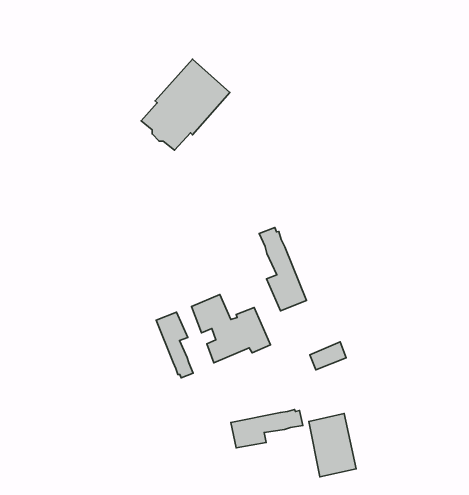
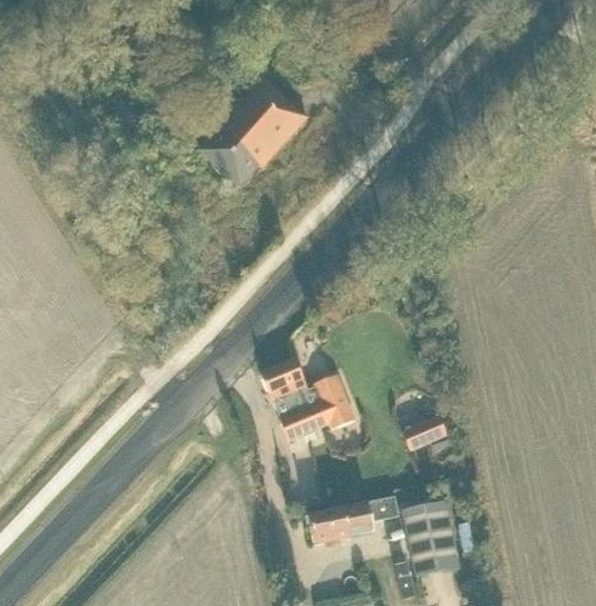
building: [259,227,306,311] -> none
building: [156,312,193,378] -> none

